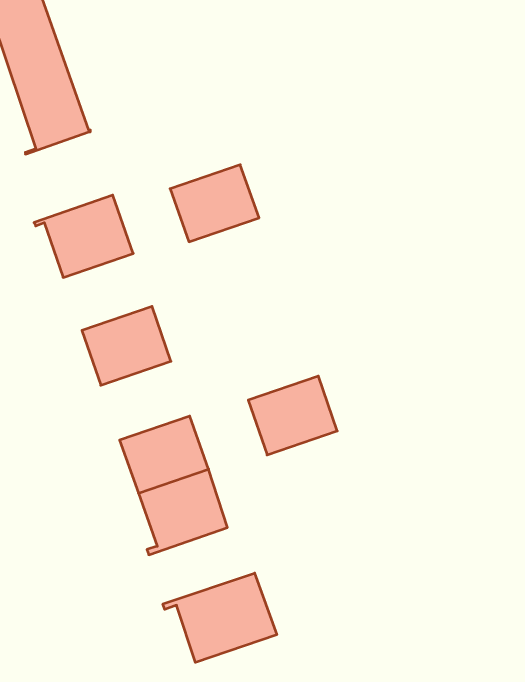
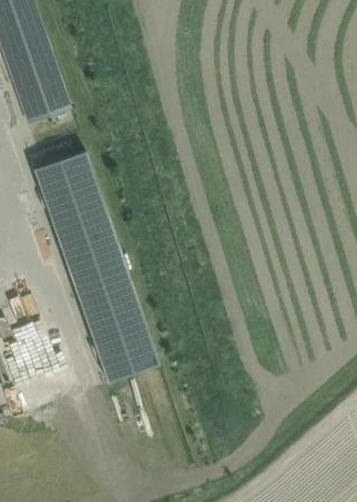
building: [170,165,259,242] -> [47,185,104,235]
building: [248,376,337,455] -> [71,255,129,306]
building: [163,573,277,662] -> none

